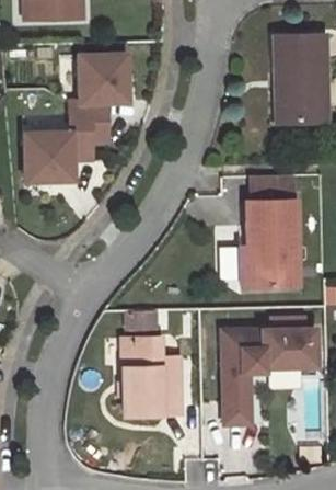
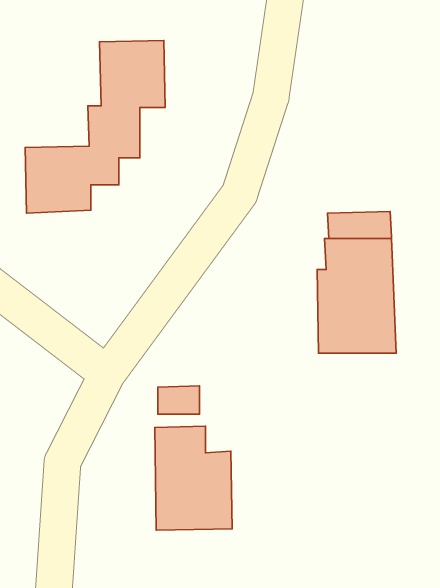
building: [274,36,326,123] -> none
building: [222,329,304,423] -> none

